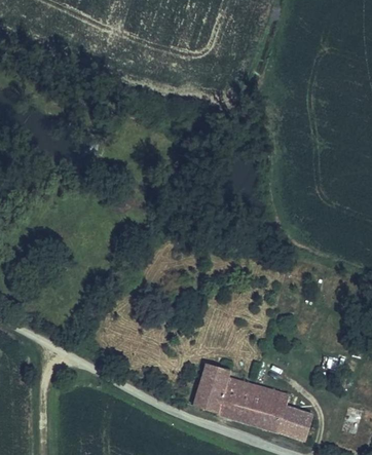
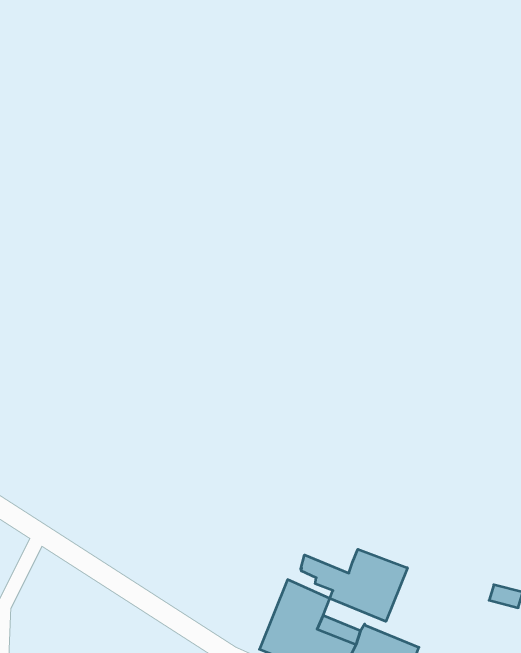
building: none -> [301,549,407,621]

